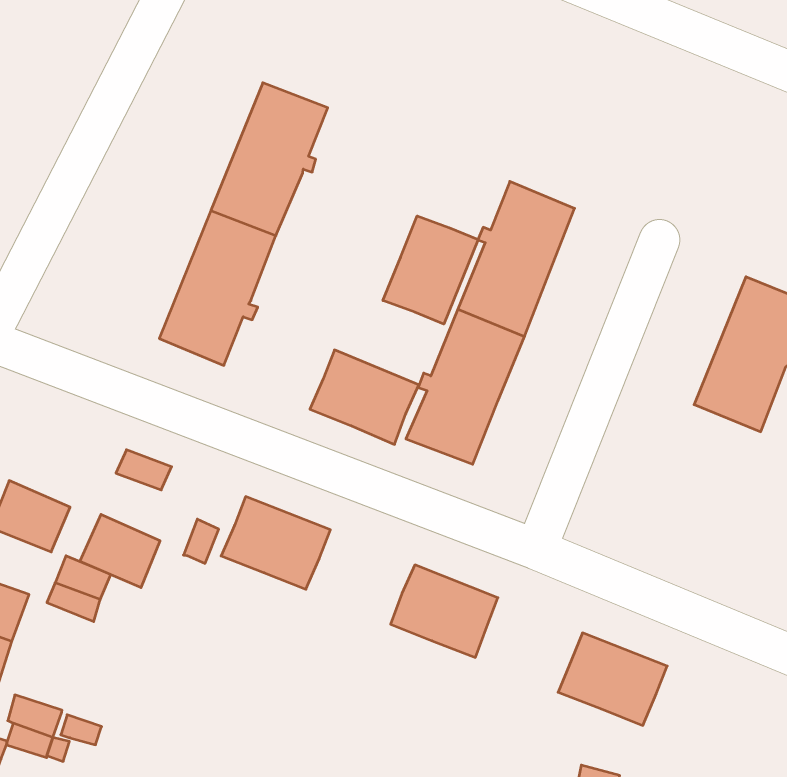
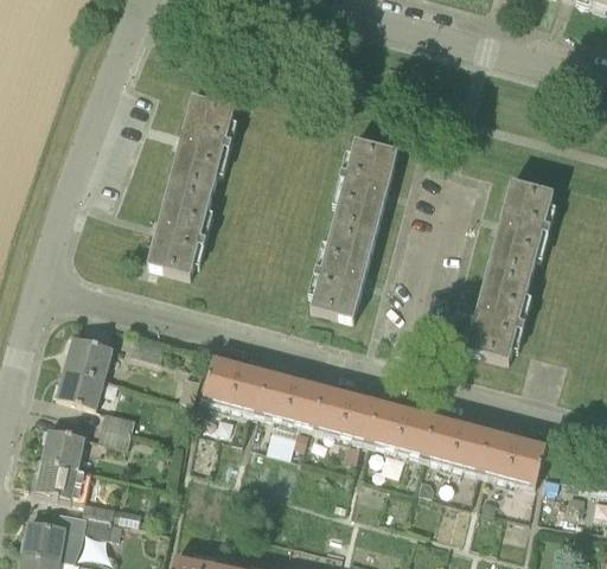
building: [383,216,478,324] -> none
building: [310,350,419,444] -> [258,371,325,426]
building: none -> [465,264,531,360]
building: [80,514,160,588] -> [64,334,113,377]
building: none -> [370,401,435,455]
building: none -> [480,430,547,485]

